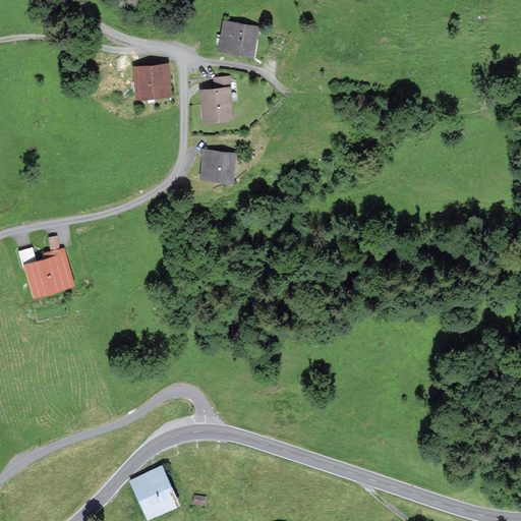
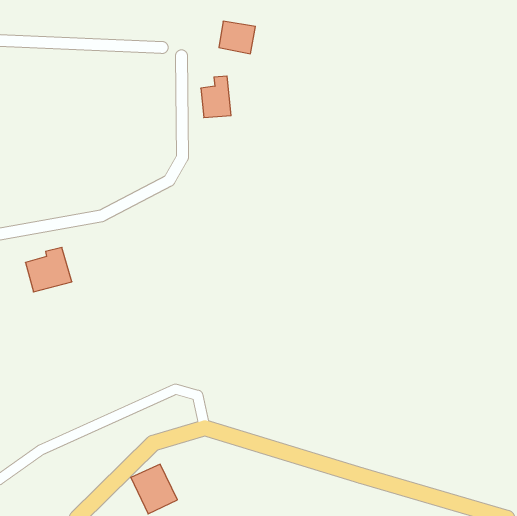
building: [134,66,169,96] -> none
building: [200,151,233,181] -> none

